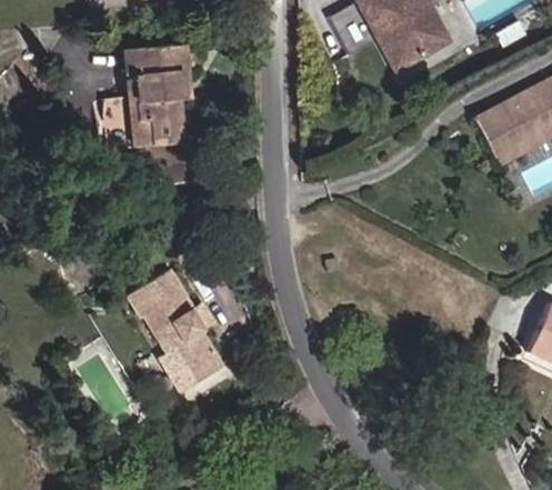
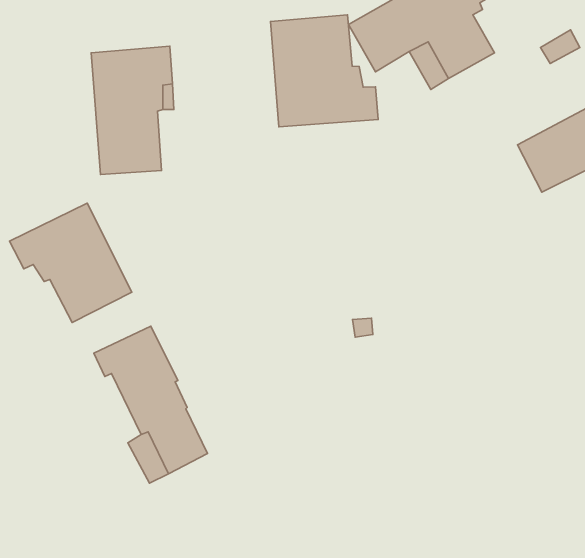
building: none -> [271,15,378,127]
building: none -> [10,203,132,323]

